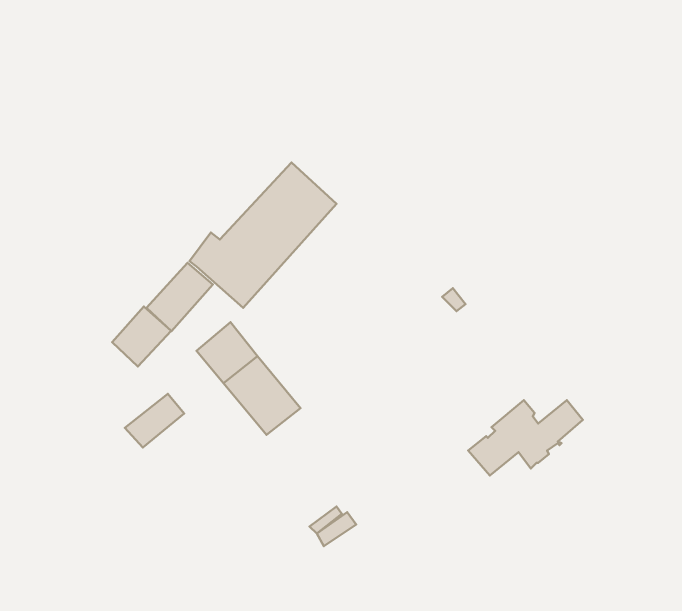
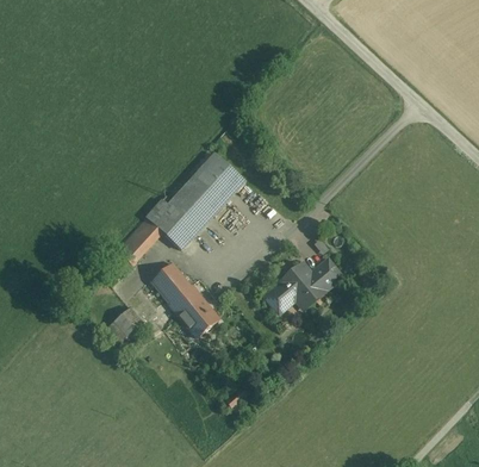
building: [112,307,171,367] -> none
building: [468,400,583,476] -> [265,261,341,311]

